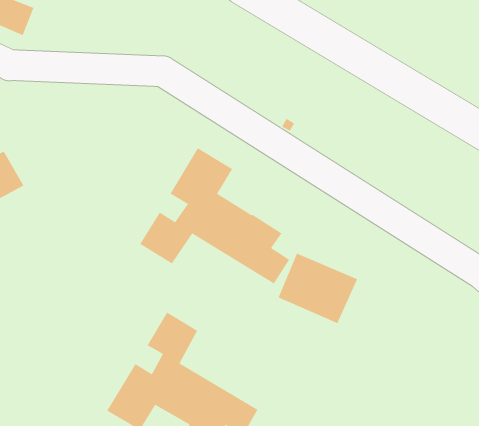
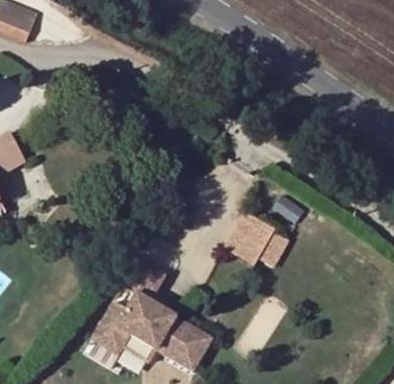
building: [139,147,290,284] -> none

